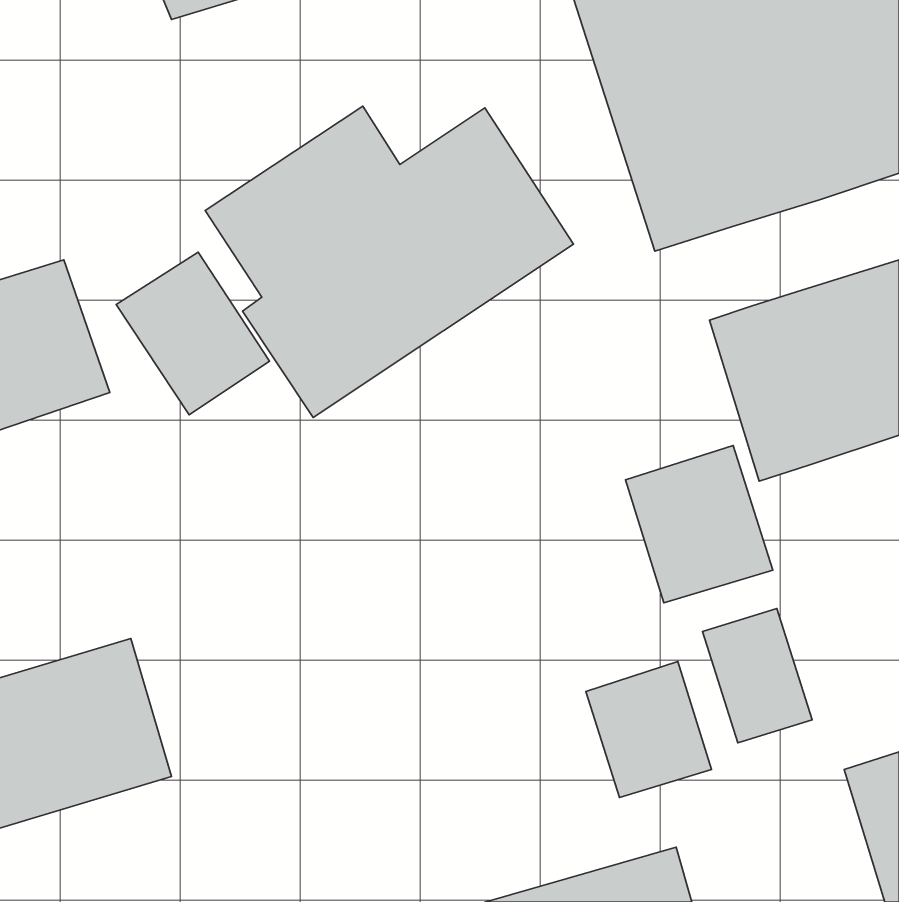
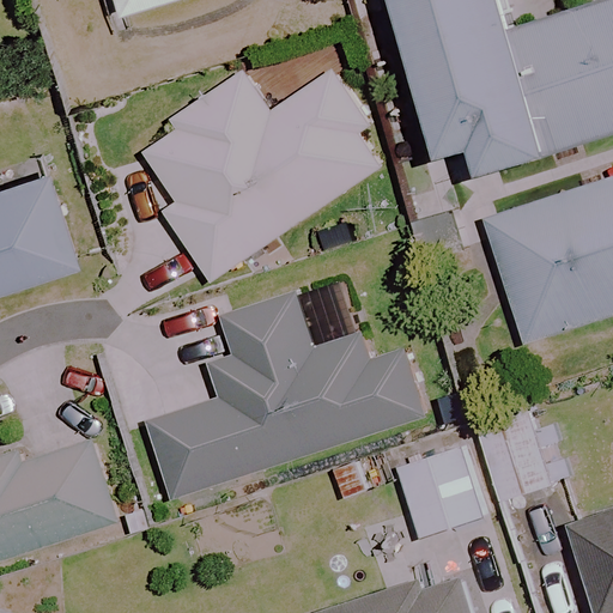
building: [116,252,270,415] -> none
building: none -> [147,293,423,499]
building: [625,445,773,603] -> none

